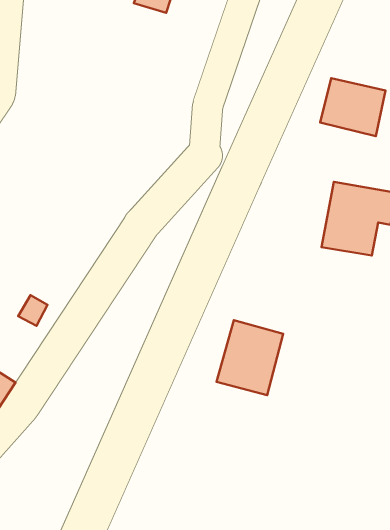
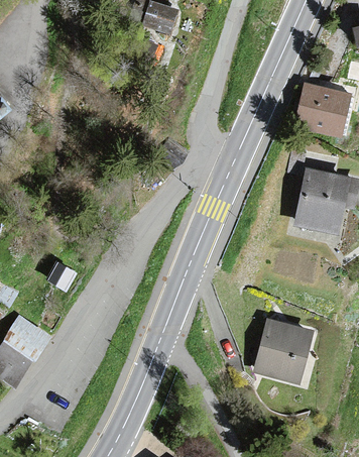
building: [216,320,283,395] -> [255,320,310,381]

